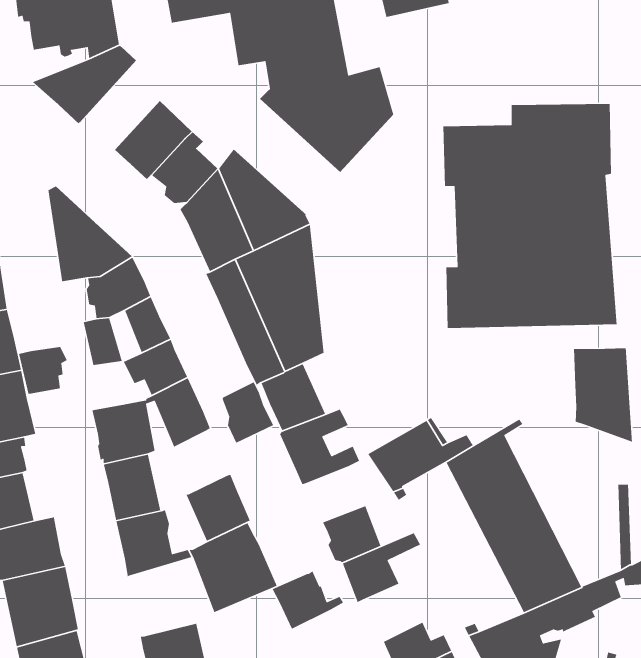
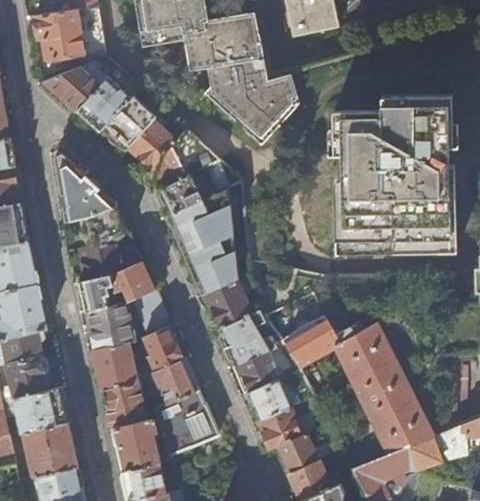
building: none -> [78,66,141,130]
building: [18,346,68,395] -> [78,278,113,312]
building: [573,347,633,443] -> none
building: [221,381,274,444] -> [144,327,181,371]
building: none -> [237,352,279,391]
building: none -> [113,418,160,471]
building: [272,570,344,630] -> [277,433,328,475]

